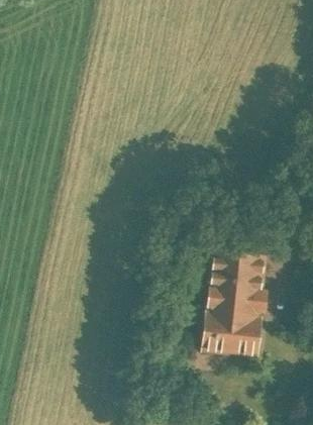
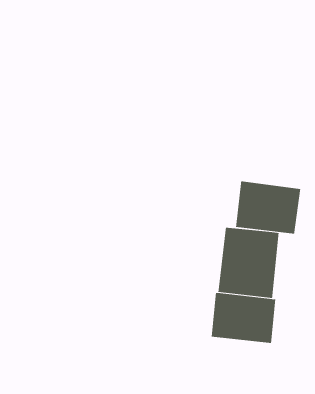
building: none -> [235,181,301,234]

